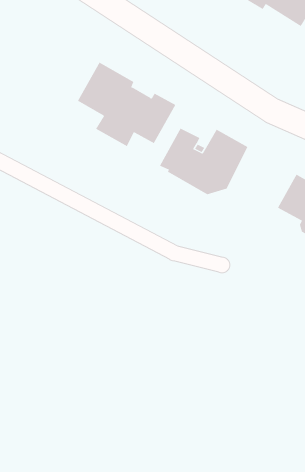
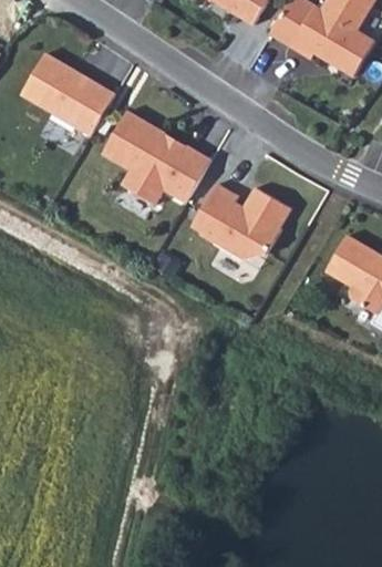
building: none -> [21,52,115,134]

